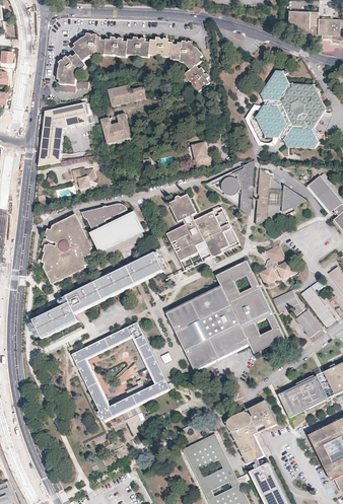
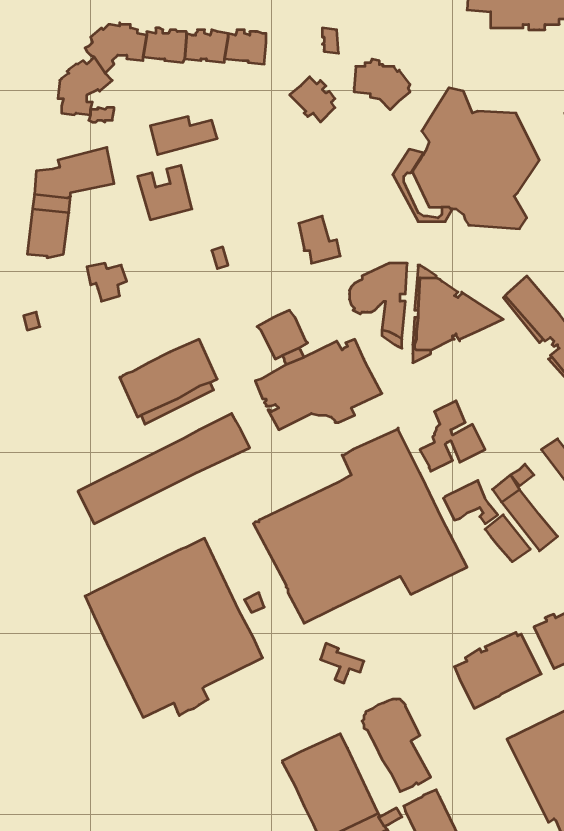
building: [172,40,203,68] -> [354,59,410,110]
building: [80,203,126,231] -> none
building: [42,217,91,282] -> none
building: [32,301,79,339] -> none
building: [249,401,277,428] -> none

